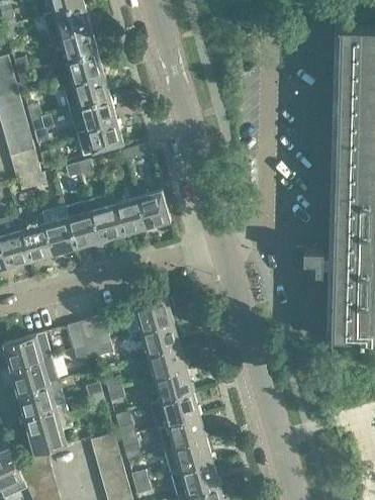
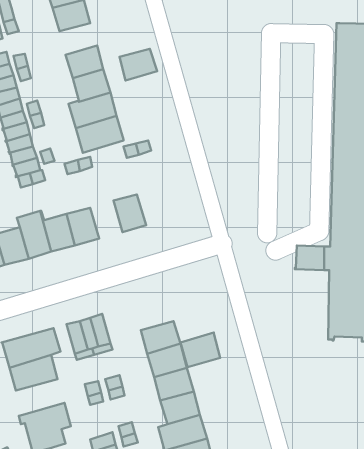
building: [61,29,98,61] -> [119,49,157,80]
building: [137,191,171,229] -> none
building: [88,195,123,244] -> none
building: [134,299,174,333] -> [180,332,220,367]
building: [17,382,66,417] -> none

